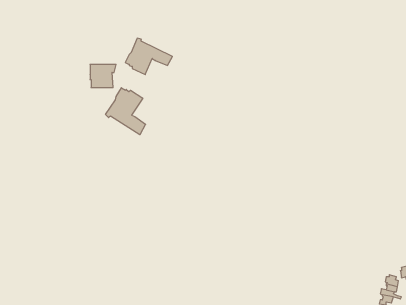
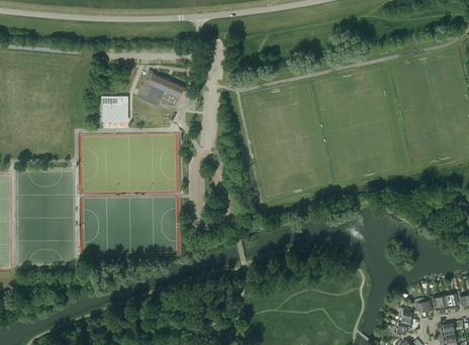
building: [106,88,146,135] -> none

